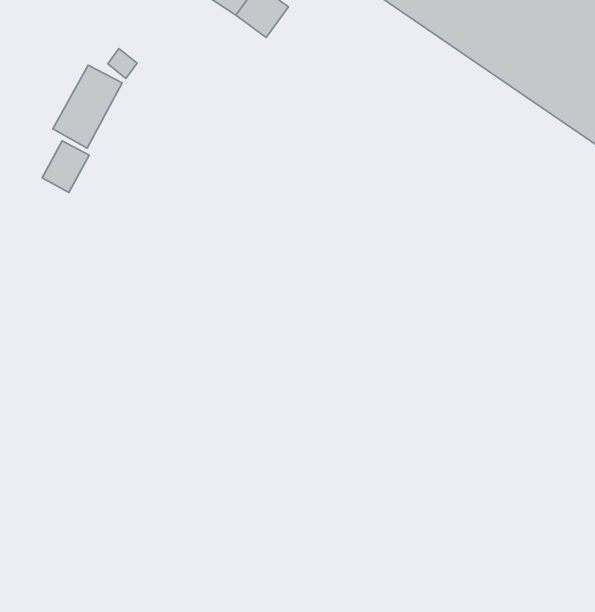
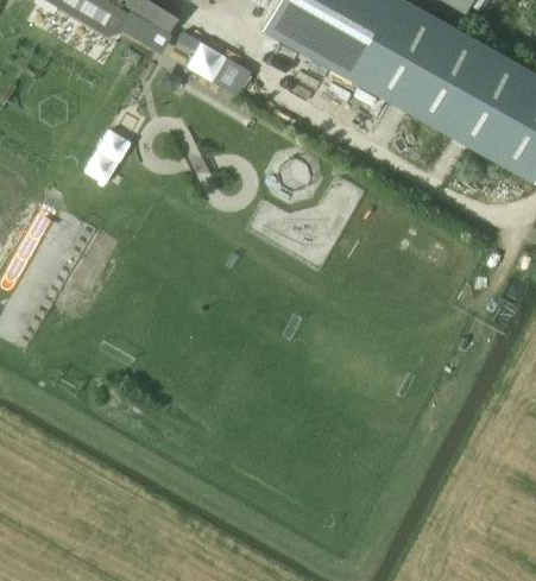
building: [42,141,89,193] -> none

